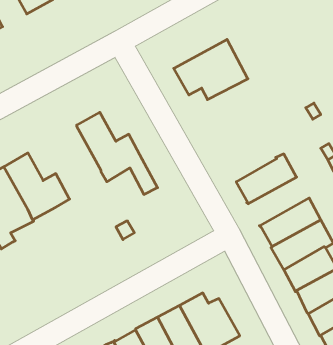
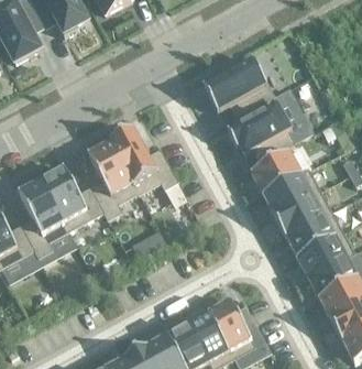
building: none -> [227,87,311,160]
building: none -> [87,140,138,218]
building: none -> [250,150,300,193]
building: none -> [273,188,331,235]

